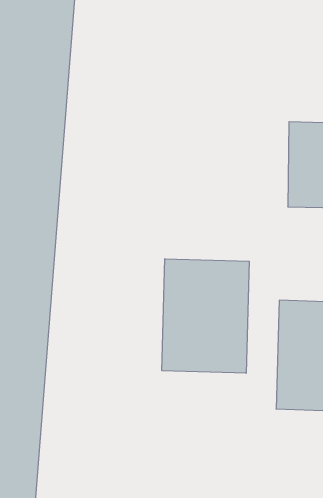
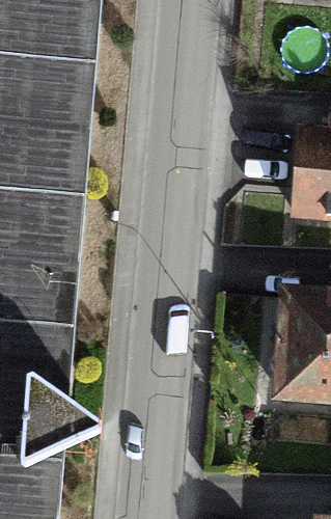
building: [162,259,249,373] -> none

